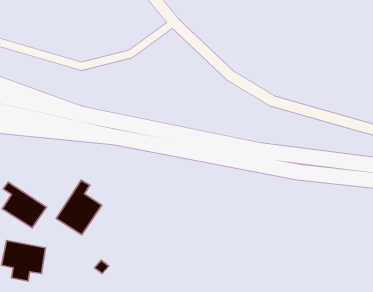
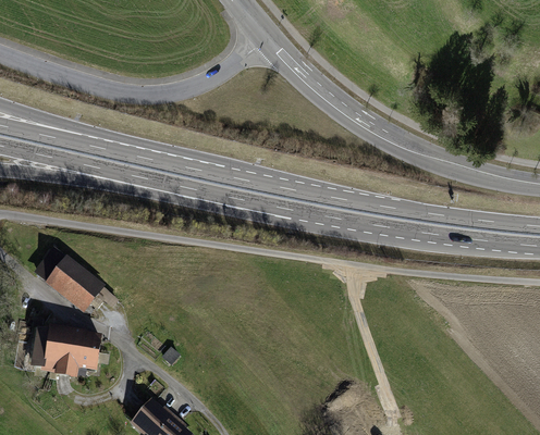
building: [56,180,102,235] -> none

